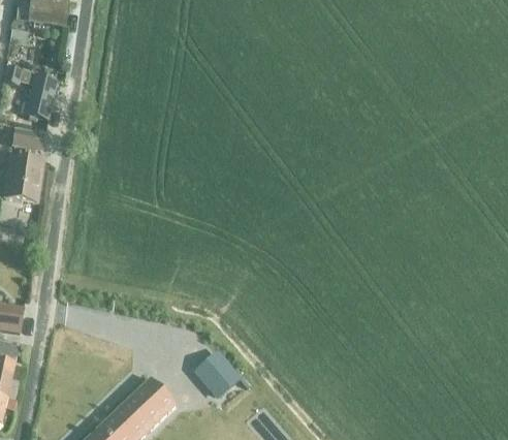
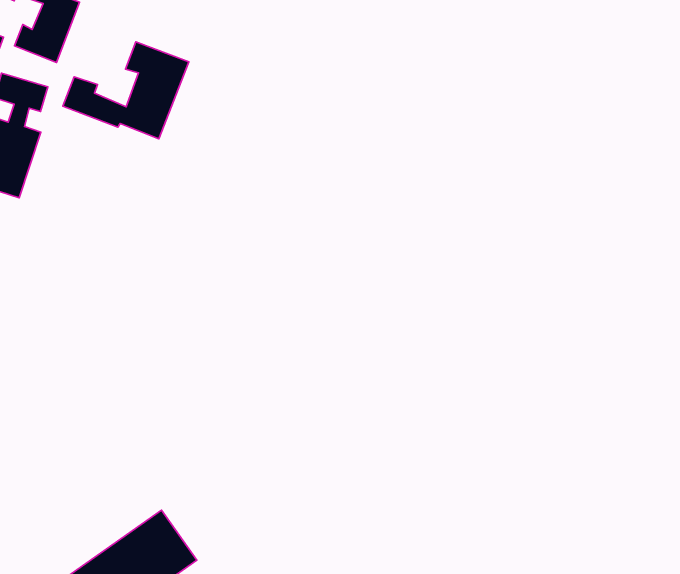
building: none -> [63,42,189,139]
building: [195,350,242,398] -> none

